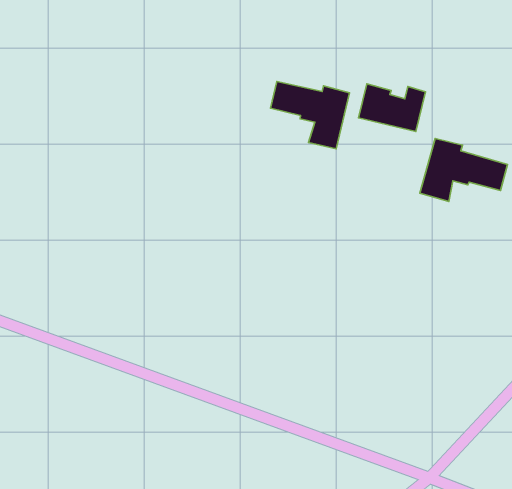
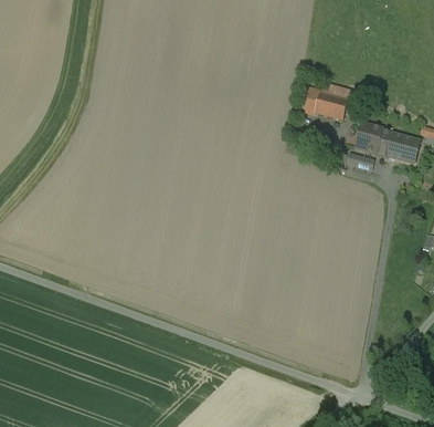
building: [270,82,349,149] -> none

